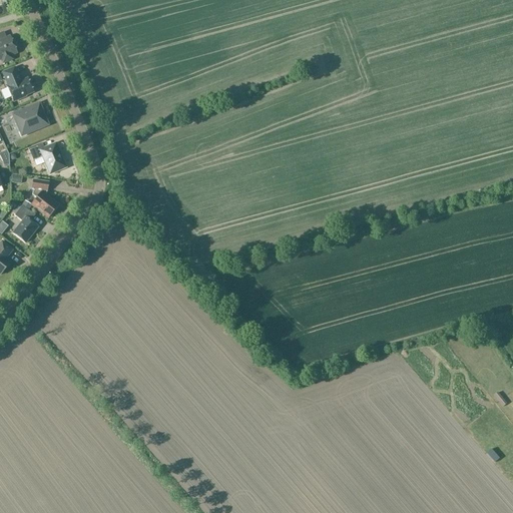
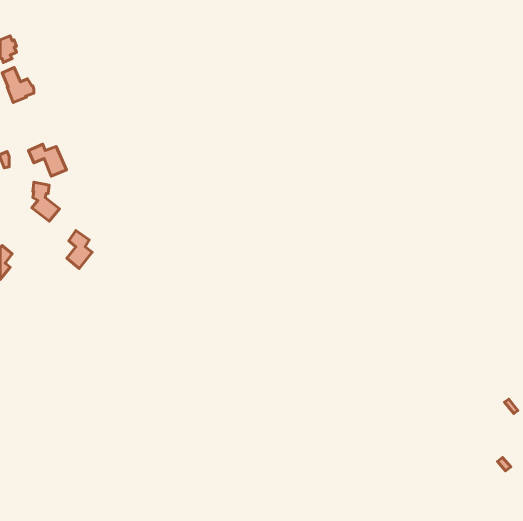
building: [14,103,45,133] -> none
building: [13,204,38,241] -> [67,231,92,268]

